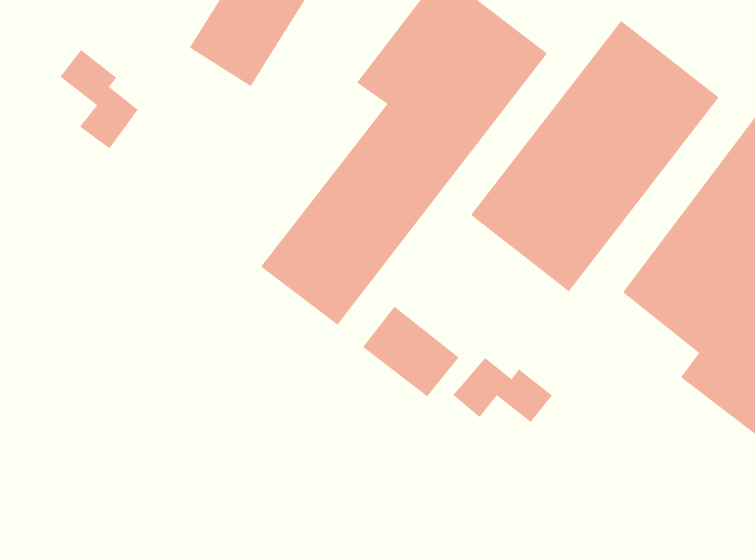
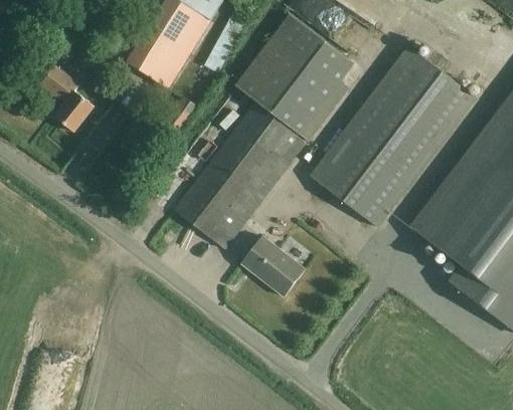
building: [453,357,553,423] -> none

